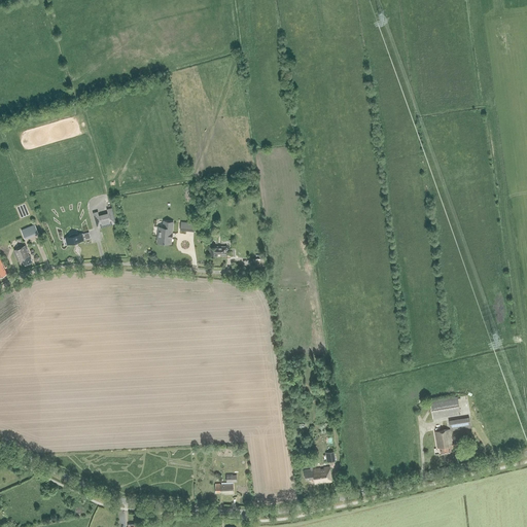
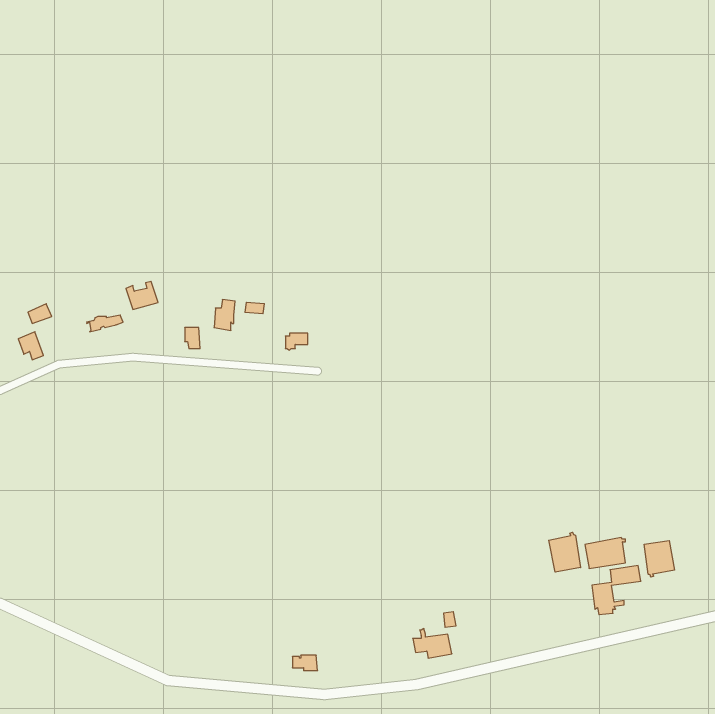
building: none -> [549,532,581,572]
building: none -> [644,541,674,577]

